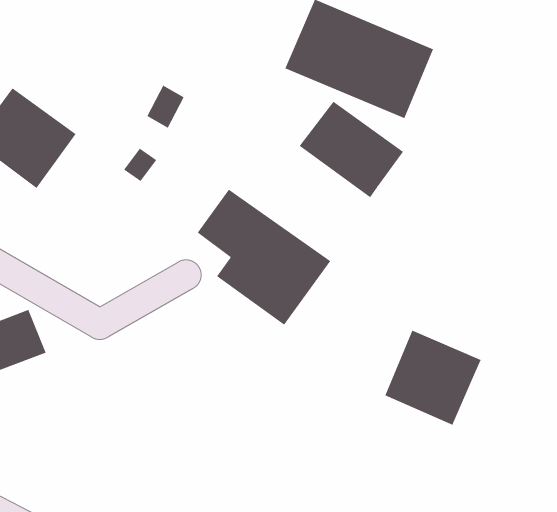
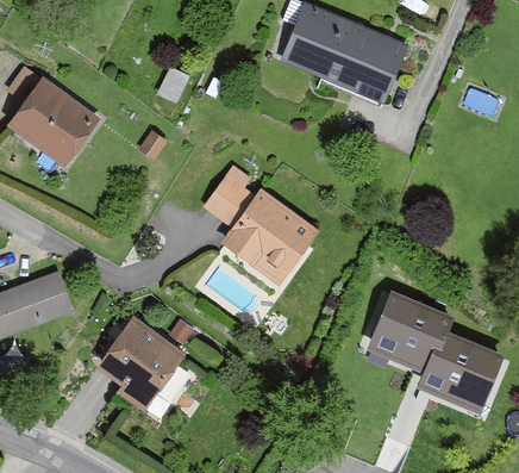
building: [299,101,404,198] -> none
building: none -> [98,316,187,412]
building: none -> [420,329,505,412]

